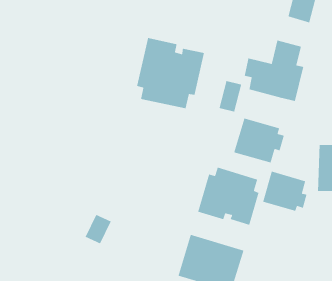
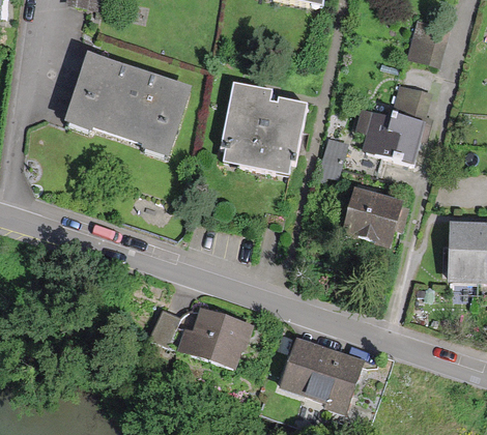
building: none -> [58,51,190,157]
building: [197,166,260,226] -> none
building: [262,170,307,212] -> none
building: none -> [181,306,252,365]

